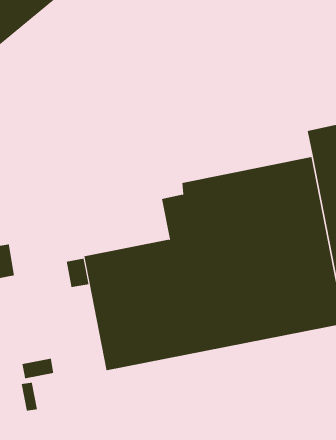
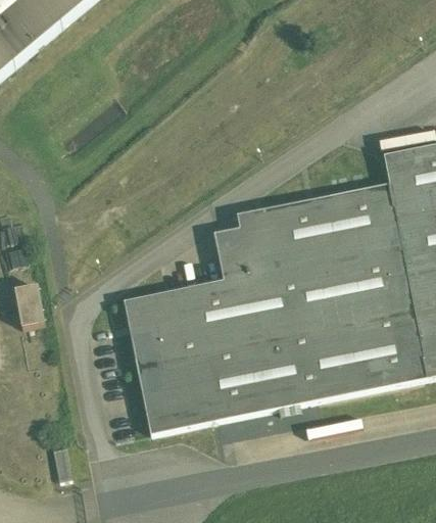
building: [66,258,89,288] -> none
building: [22,358,54,379] -> none

